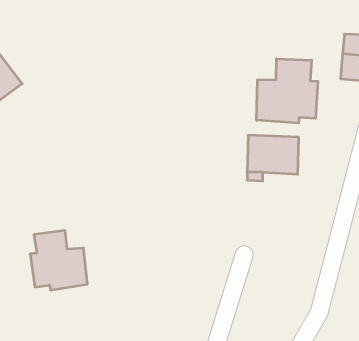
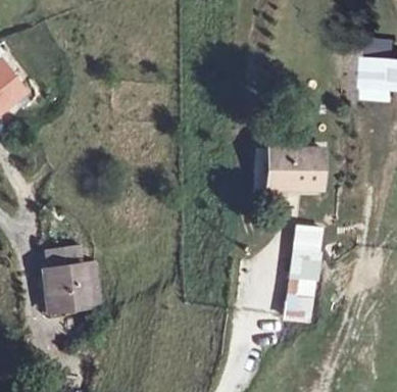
building: [257,59,318,123] -> none
building: none -> [283,226,320,321]

